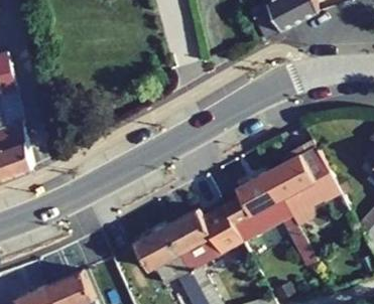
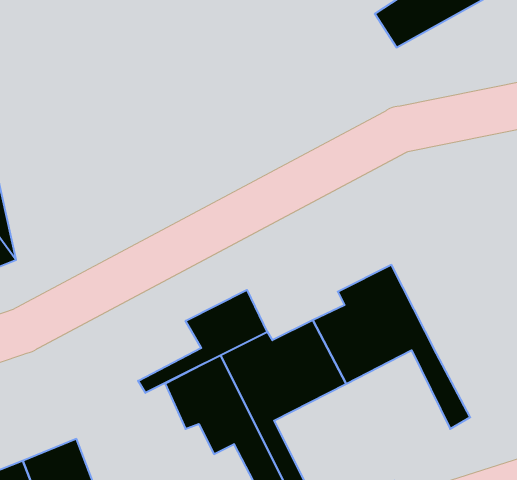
building: [266,139,336,221] -> none
building: none -> [138,290,267,393]

